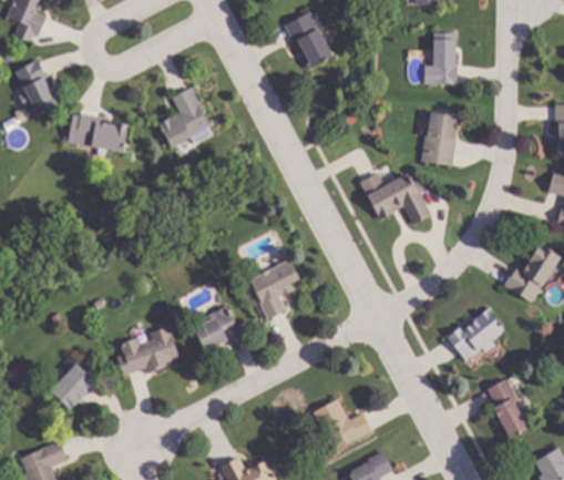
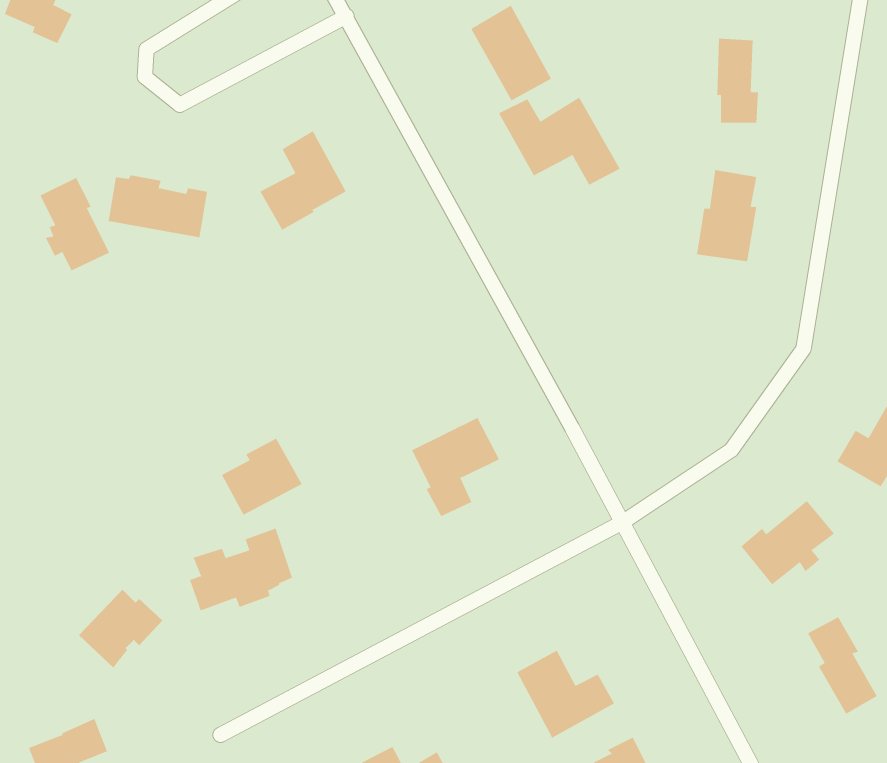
building: [14,59,57,115] -> [40,177,110,271]
building: [359,172,432,225] -> [498,97,620,185]
building: [193,306,242,353] -> [221,438,302,515]

